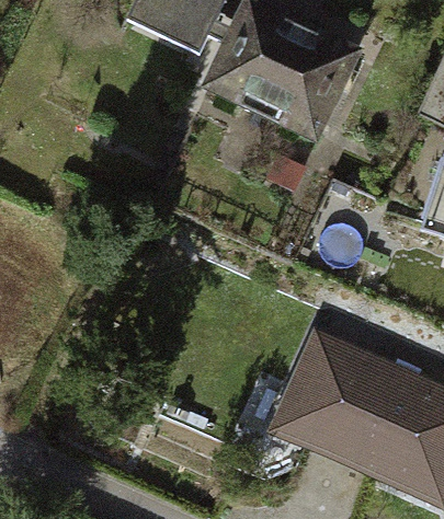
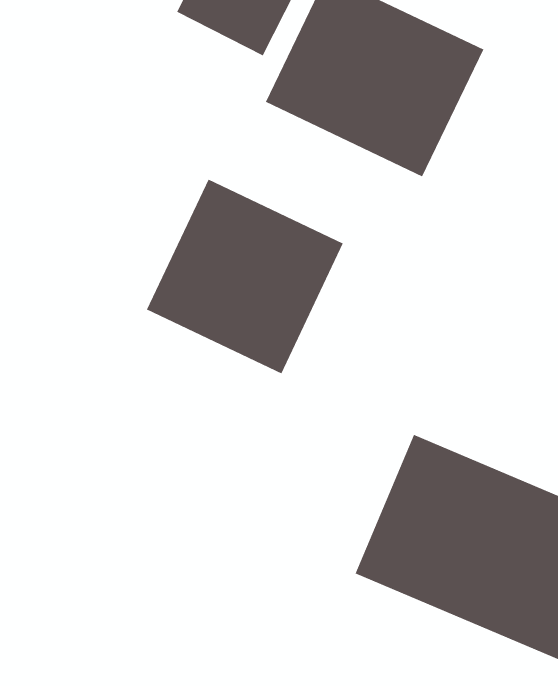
building: none -> [146,178,344,375]

